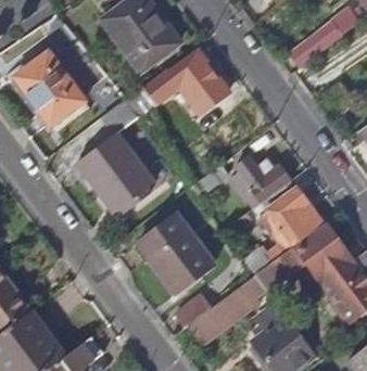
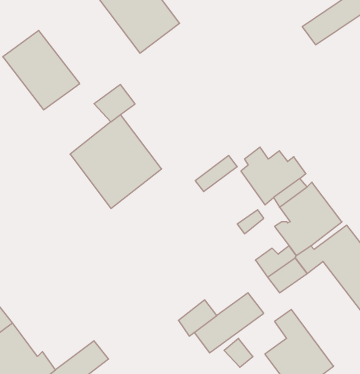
building: [145,52,228,104] -> none
building: [137,215,214,294] -> none

